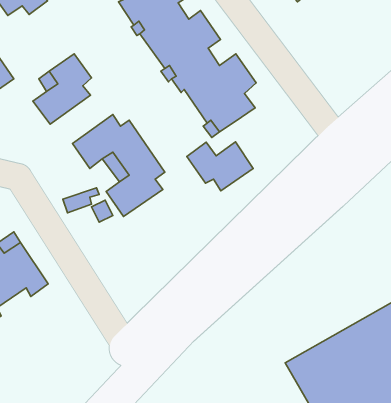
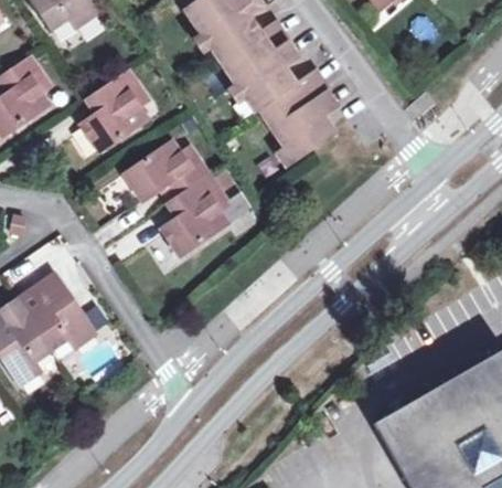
building: [187,142,253,191] -> none

